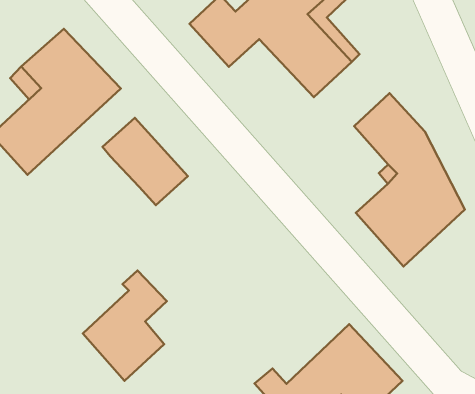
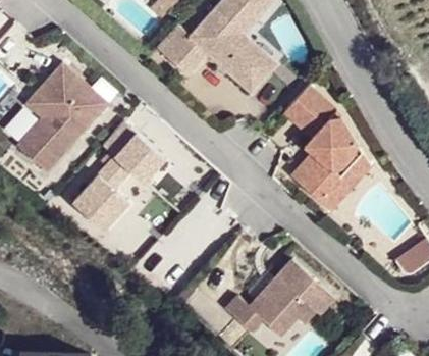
building: [83,270,167,381] -> [70,152,130,234]

